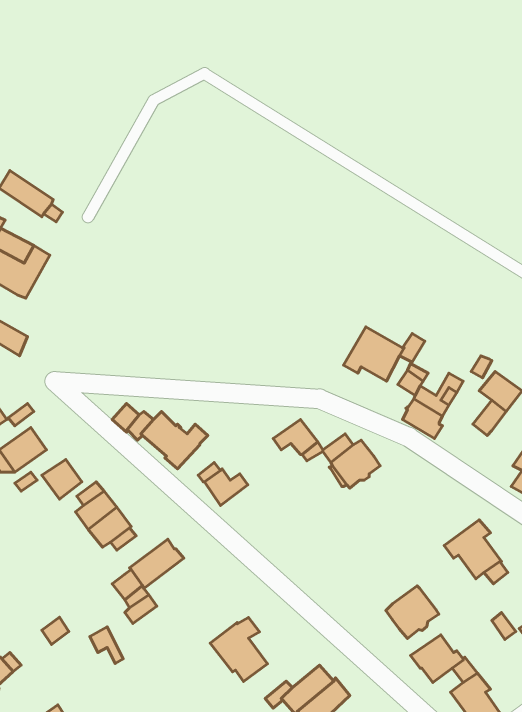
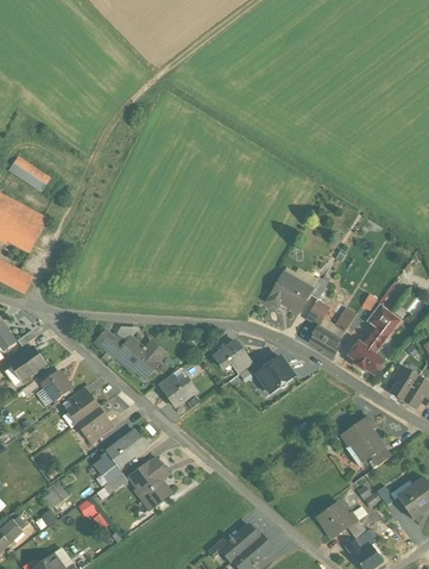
building: none -> [348,340,386,374]
building: [386,586,439,639] -> none
building: [210,618,268,681] -> [128,457,171,505]

